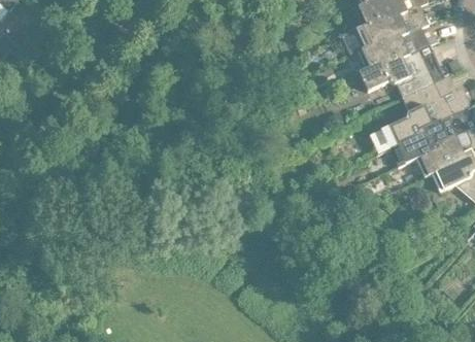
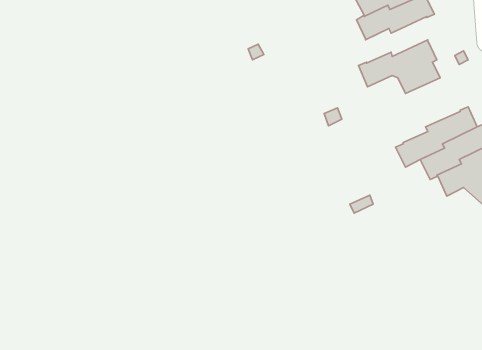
building: [358,27,430,70] -> none
building: [384,83,452,147] -> none

